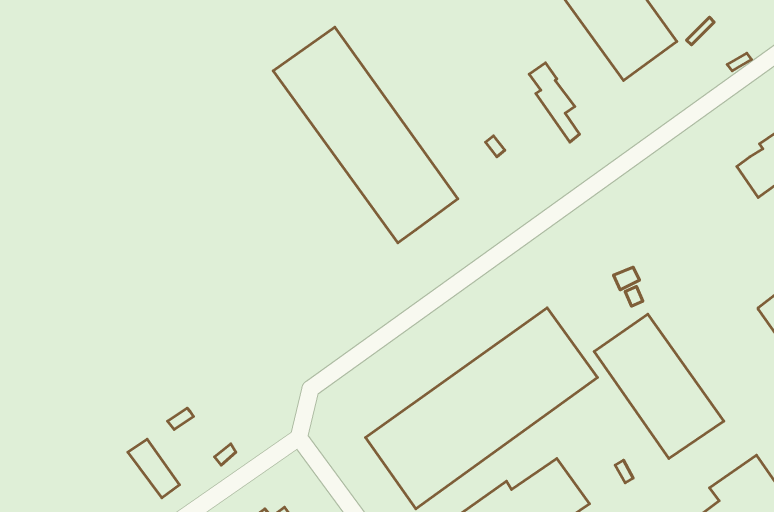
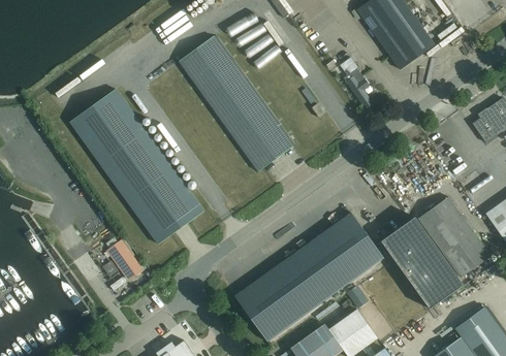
building: none -> [70,90,203,244]
building: none -> [418,197,491,278]
building: [128,439,180,498] -> [107,242,140,280]

